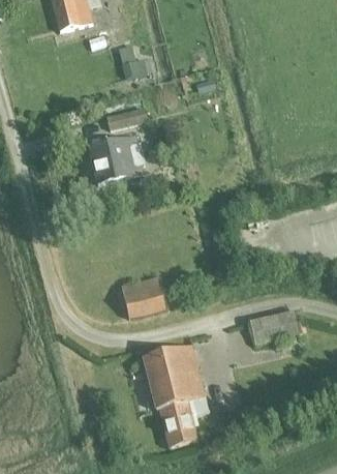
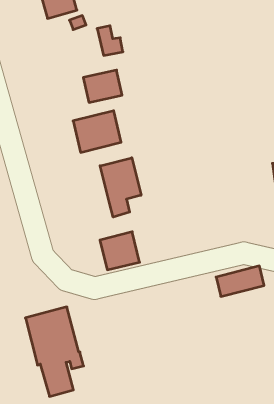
building: none -> [100,158,141,217]
building: [145,347,210,447] -> [25,307,84,396]

